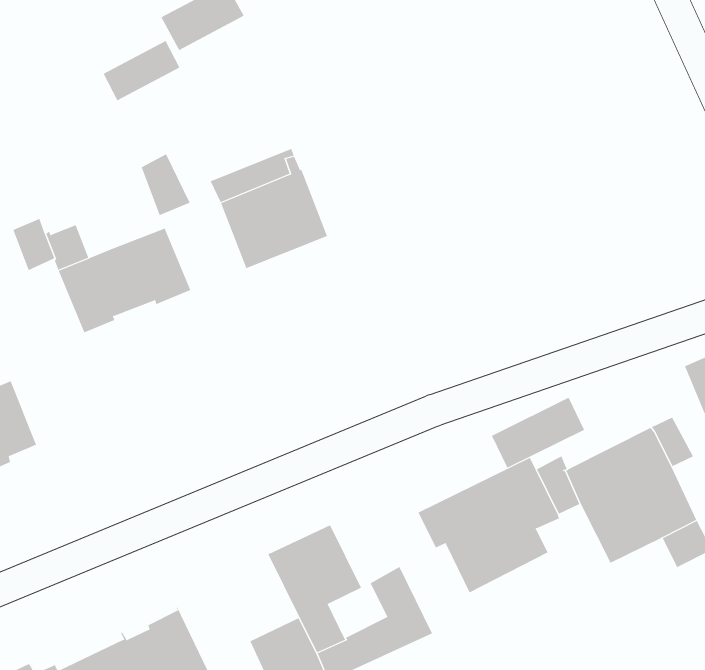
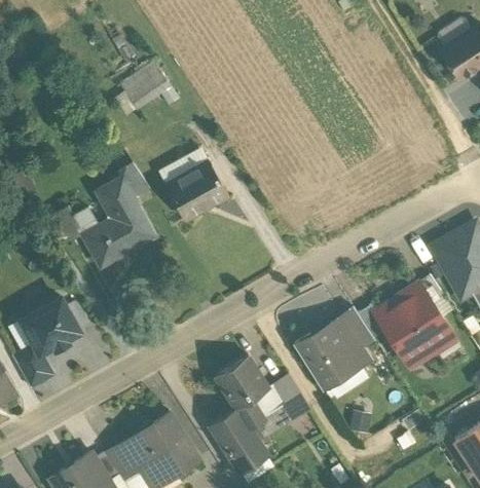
building: [103,40,180,101] -> none
building: none -> [95,173,137,221]
building: [491,397,585,468] -> none

